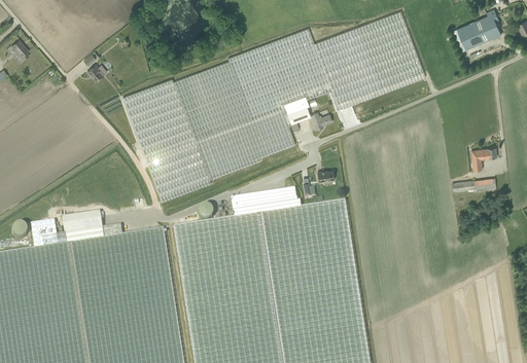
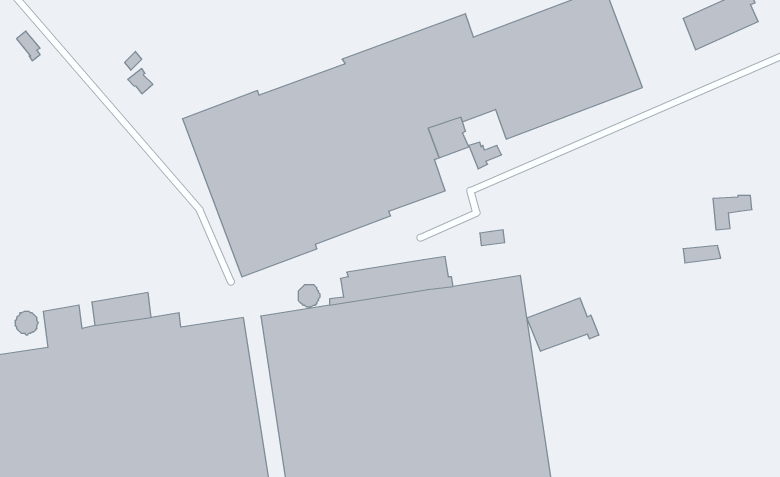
building: none -> [527,298,599,351]

